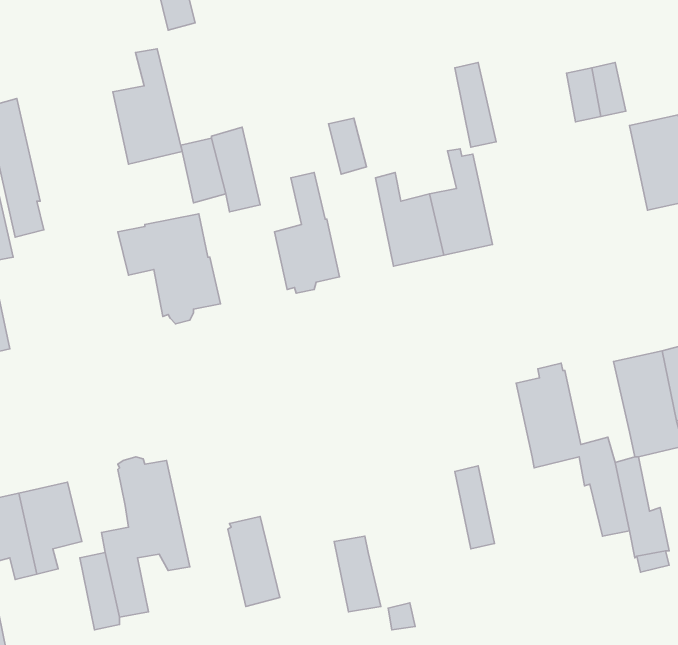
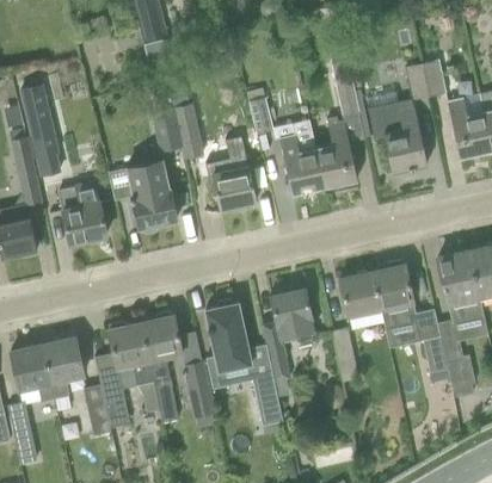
building: [113,49,182,164] -> none
building: none -> [367,91,428,172]
building: none -> [59,182,106,242]
building: none -> [339,272,383,328]
building: none -> [266,286,314,384]
building: none -> [205,298,251,389]
building: none -> [141,311,183,422]

